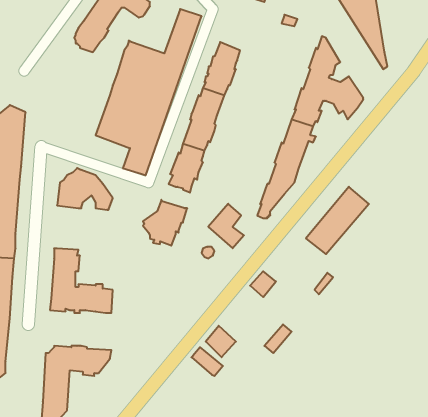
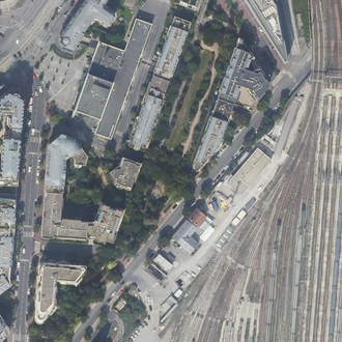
building: none -> [165,16,190,48]
building: [208,204,244,248] -> [172,218,198,250]
building: none -> [45,160,70,192]
building: none -> [86,201,124,241]

